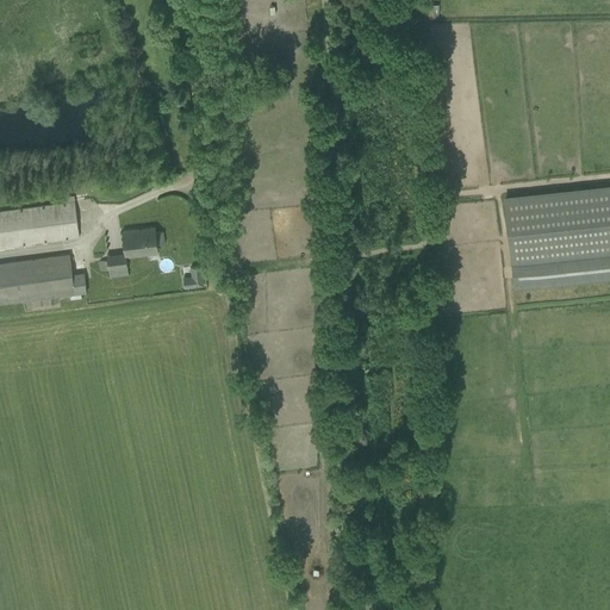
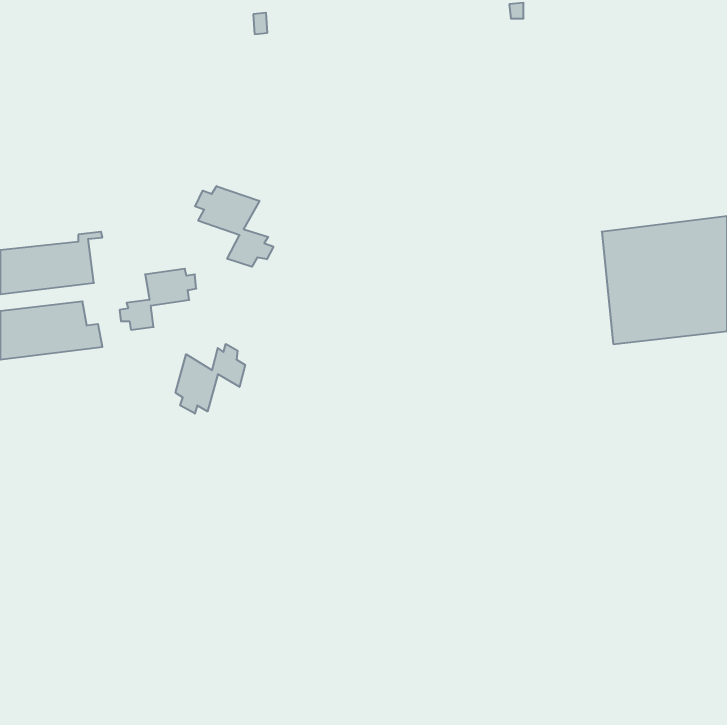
building: none -> [195,186,273,267]
building: none -> [176,344,245,414]

